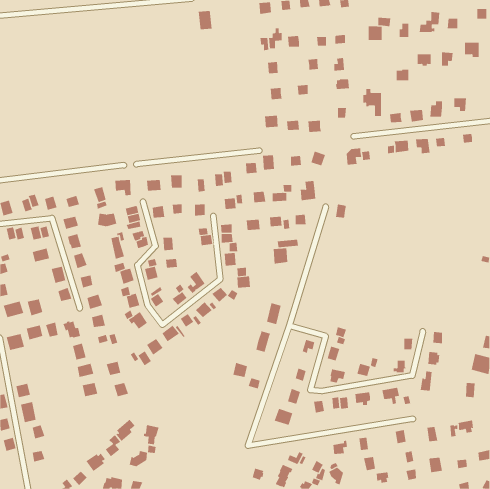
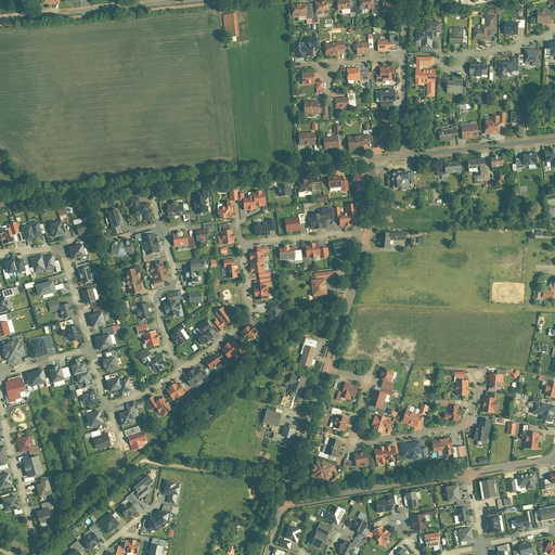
building: [363,89,382,116] -> [413,63,435,94]

